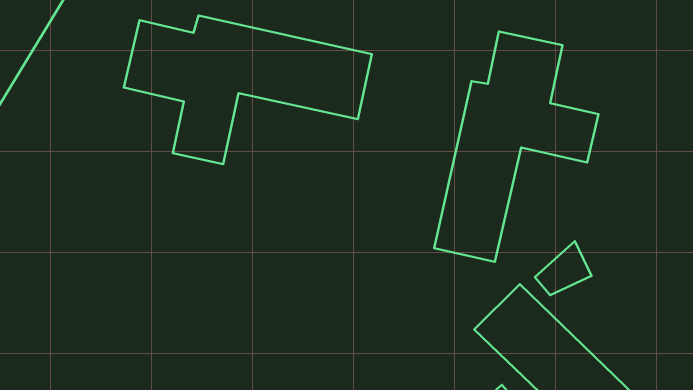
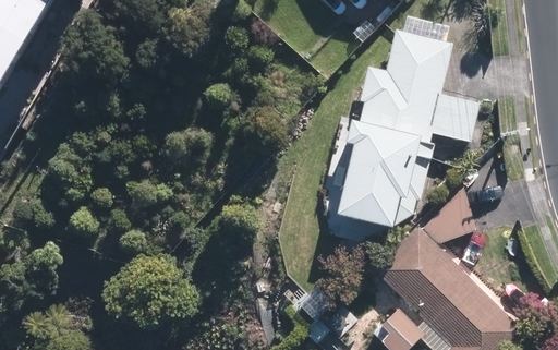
building: [124,16,372,164] -> none

